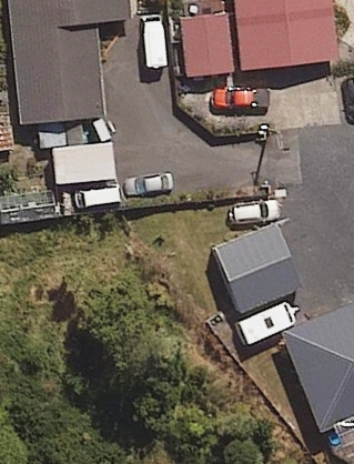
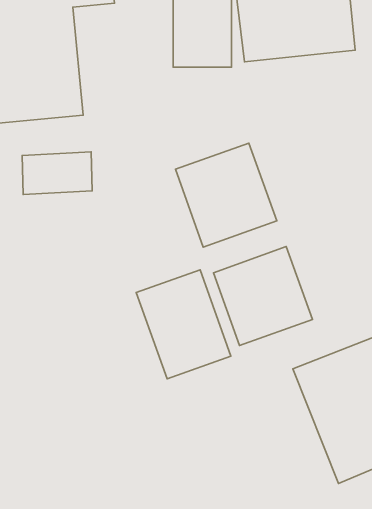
building: none -> [175,143,277,247]
building: none -> [136,270,231,379]

